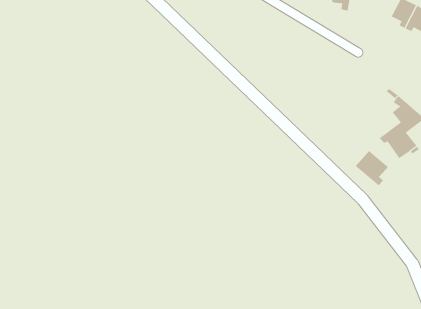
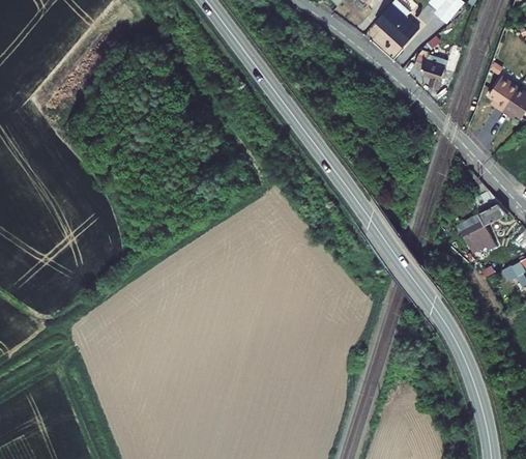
building: [355,150,389,186] -> none

